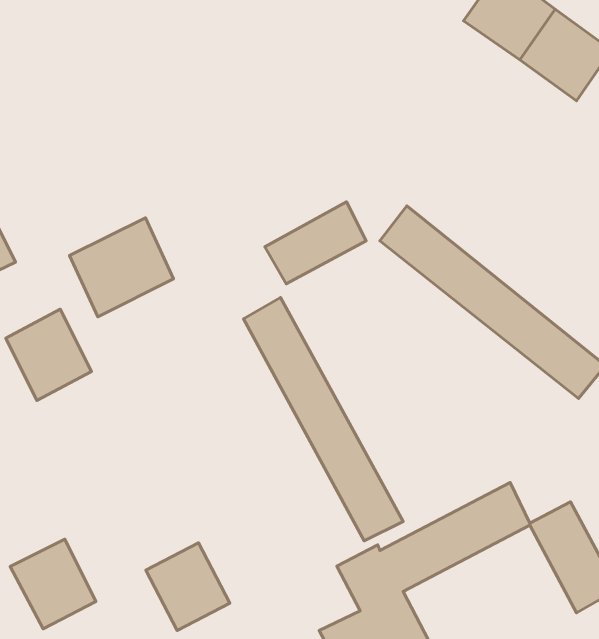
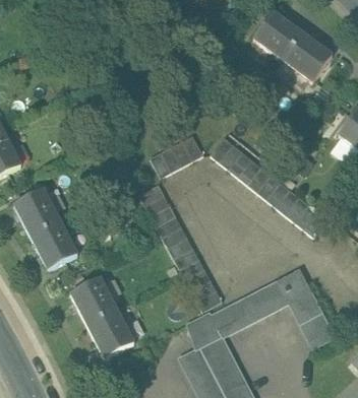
building: [70,218,174,317] -> none
building: none -> [31,221,75,268]
building: none -> [278,268,309,301]
building: [10,539,96,629] -> [70,278,115,325]

